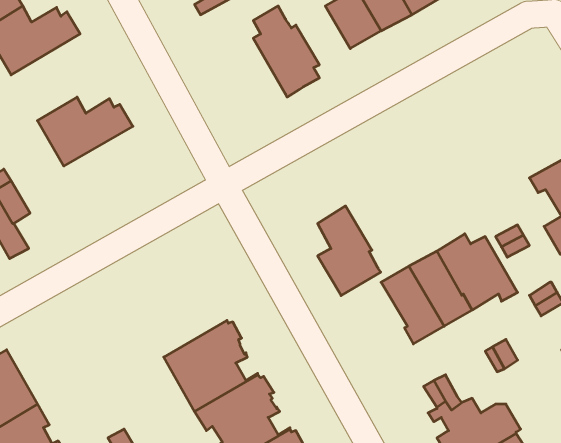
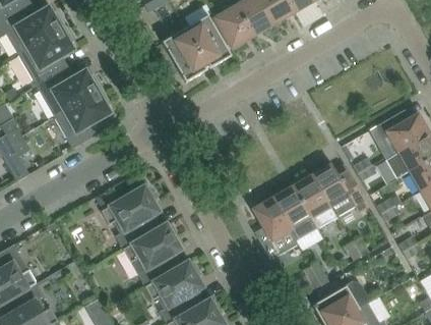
building: none -> [214,5,252,47]
building: none -> [17,24,74,85]
building: none -> [162,28,208,82]
building: none -> [54,89,111,148]
building: [318,206,381,296] -> [254,197,298,259]
building: none -> [101,184,167,249]

